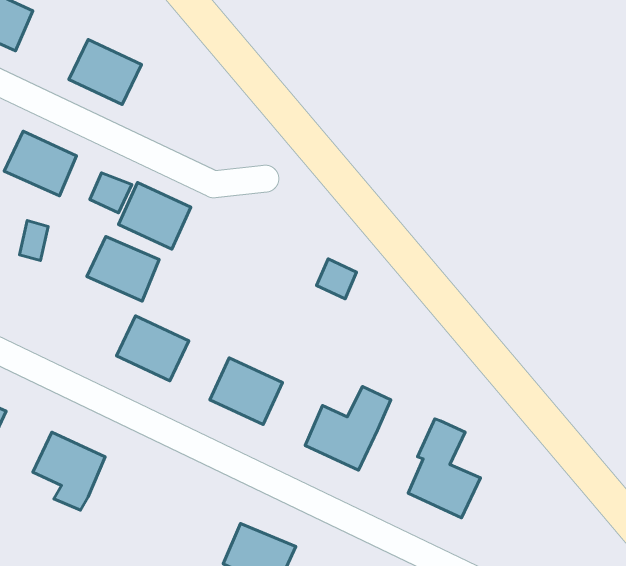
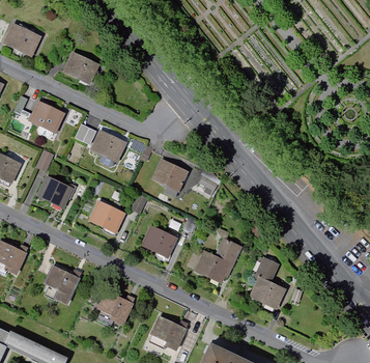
building: [87,236,159,301] -> [35,176,75,212]
building: none -> [151,158,191,193]
building: none -> [95,289,135,325]

